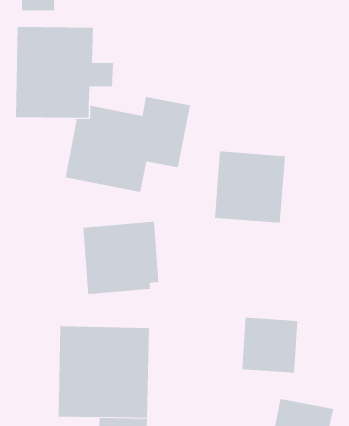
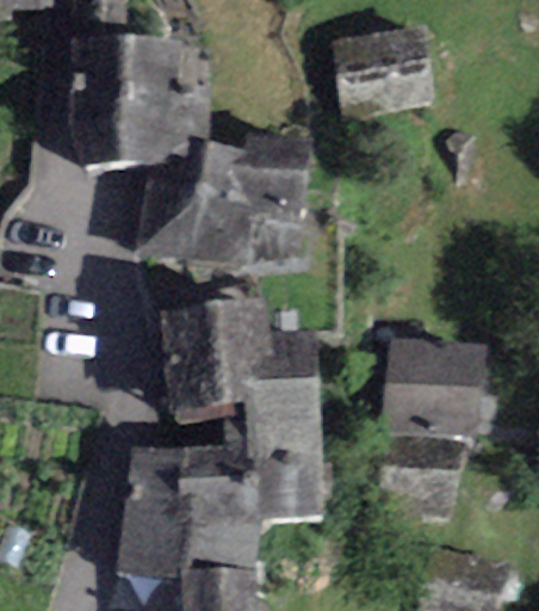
building: none -> [347,26,435,116]
building: [214,151,286,223] -> [385,338,483,437]
building: none -> [254,389,316,513]

